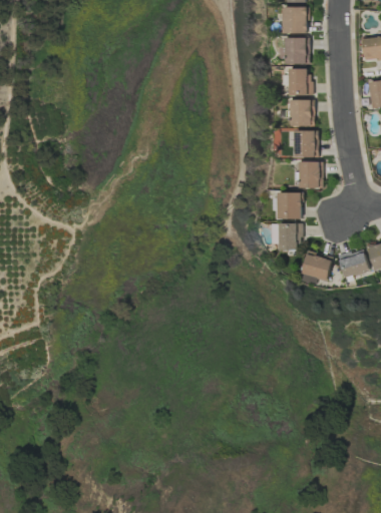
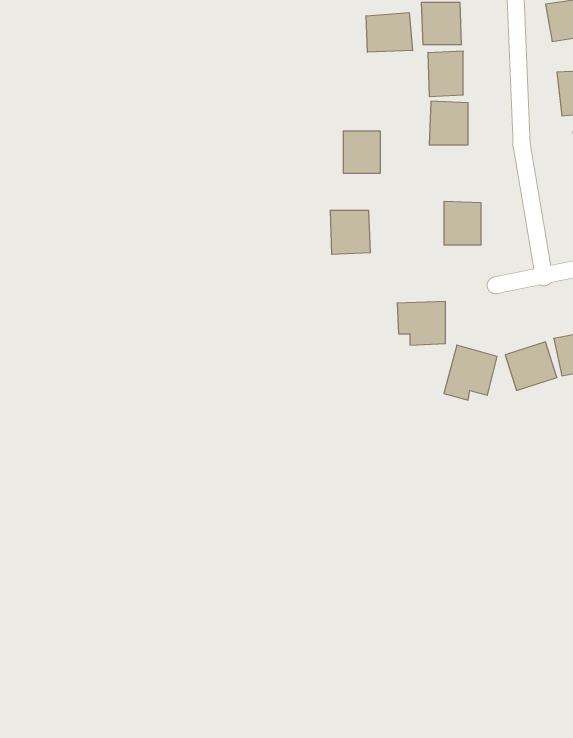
building: none -> [366,13,413,52]
building: [294,130,317,156] -> [343,131,380,173]
building: [277,191,302,218] -> [330,211,370,254]

